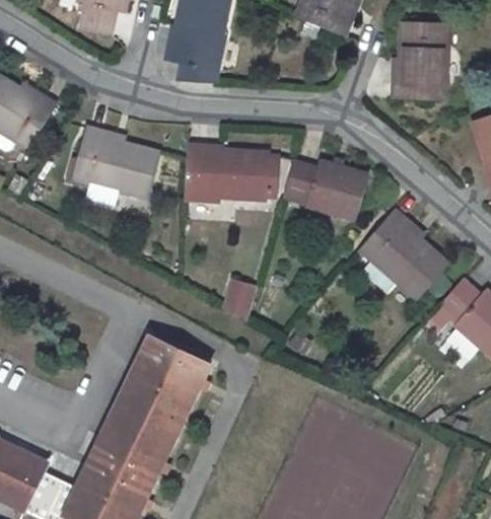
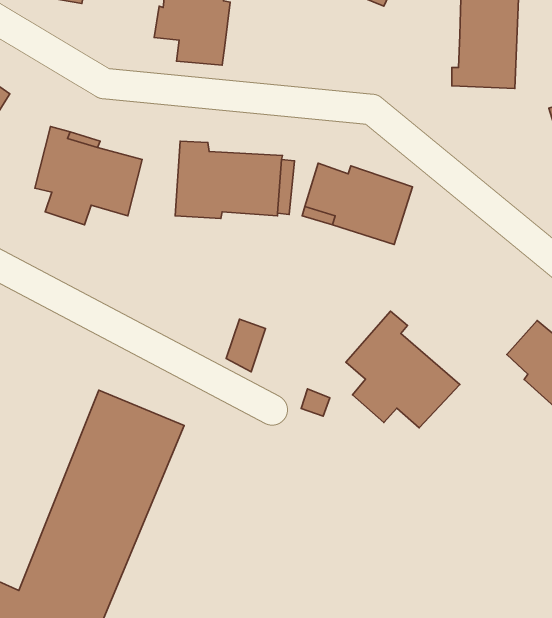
building: [362,208,450,298] -> [346,311,460,428]

